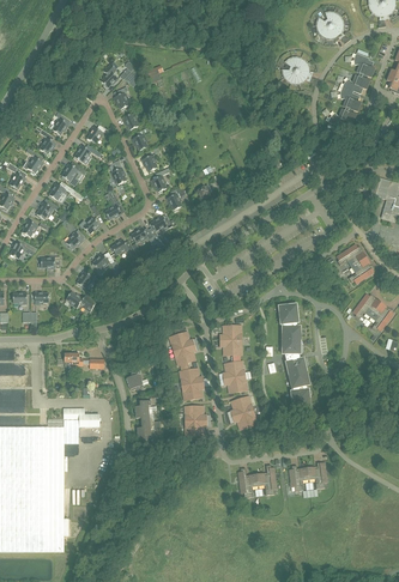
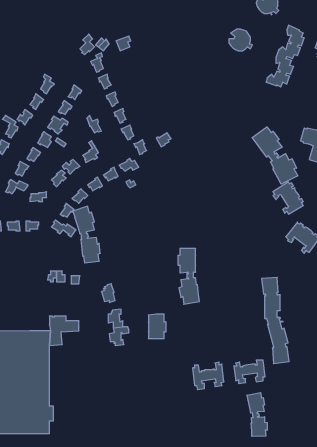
building: none -> [252,127,298,184]
building: [278,303,312,408] -> [262,277,289,364]
building: [170,329,204,399] -> [73,206,100,263]
building: [230,396,256,430] -> none
building: none -> [247,393,267,436]

